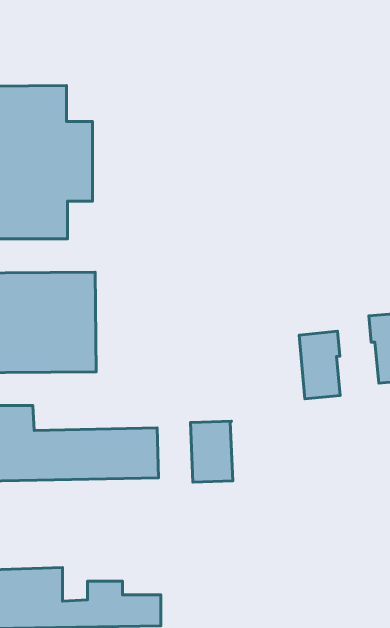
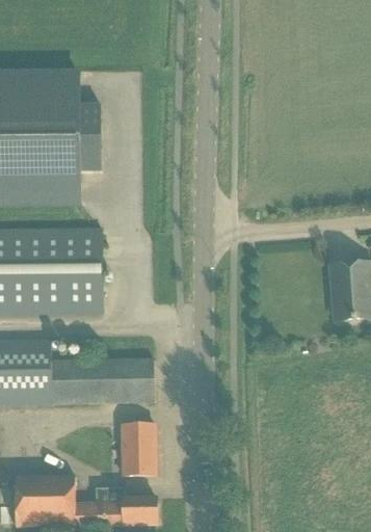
building: [299,331,340,399] -> none
building: [190,421,233,482] -> [121,424,156,475]

